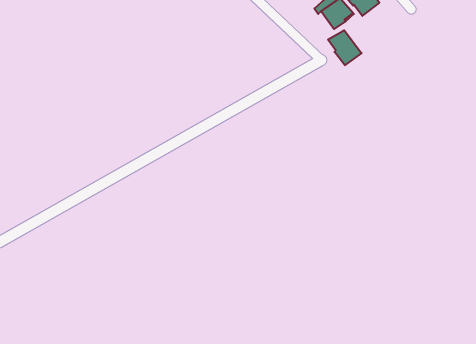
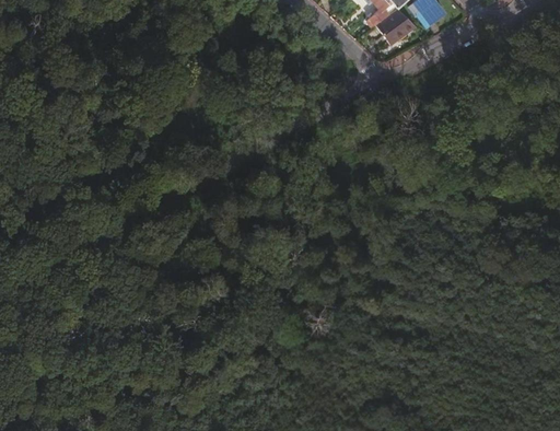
building: [328,30,362,65] -> none

